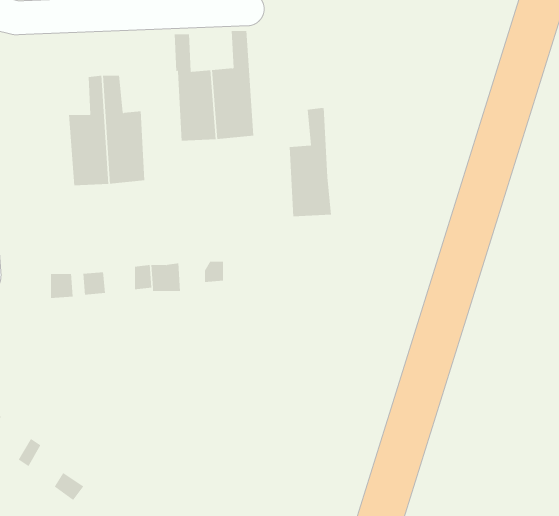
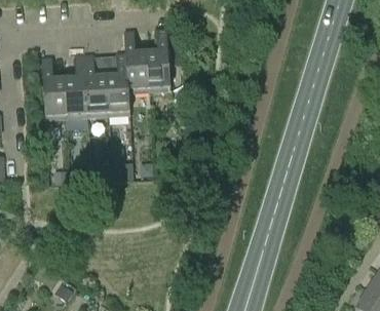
building: none -> [41,55,67,118]
building: [289,108,332,217] -> [106,51,130,114]

